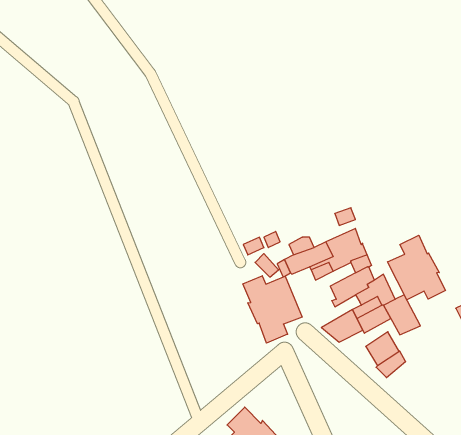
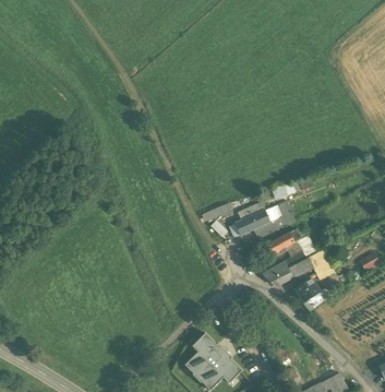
building: [388,235,445,300] -> none
building: [243,276,302,343] -> none

